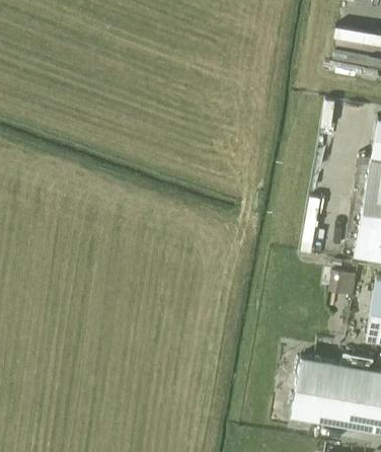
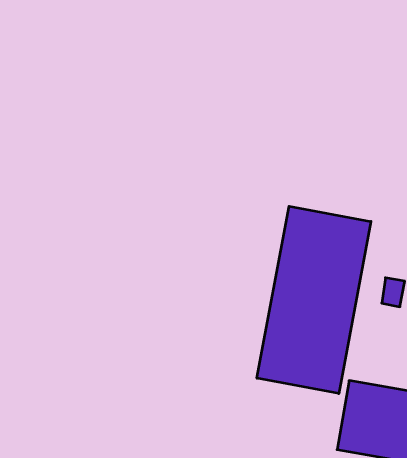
building: none -> [257,206,371,394]

